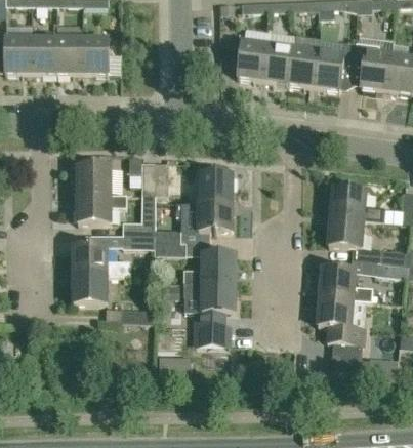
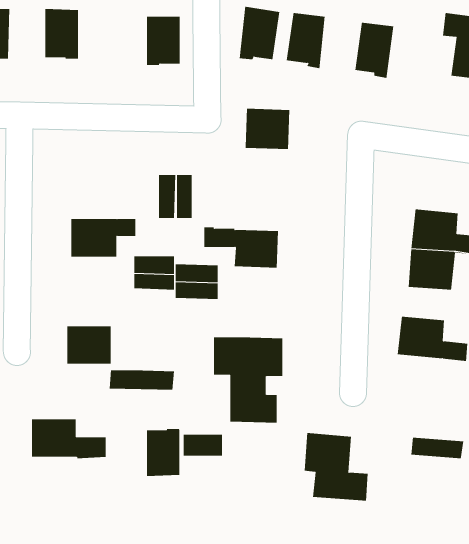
building: [30,36,56,74] -> none
building: [82,37,108,74] -> [146,16,181,65]
building: [262,42,293,82] -> [239,6,280,60]
building: [313,49,344,89] -> none
building: [76,163,111,193] -> none
building: [199,171,233,202] -> [245,108,290,150]
building: [73,244,129,274] -> [31,419,107,459]
building: [182,252,236,282] -> none
building: [318,294,366,345] -> [304,432,368,501]
building: none -> [147,428,180,477]

